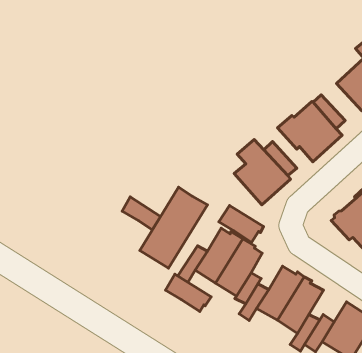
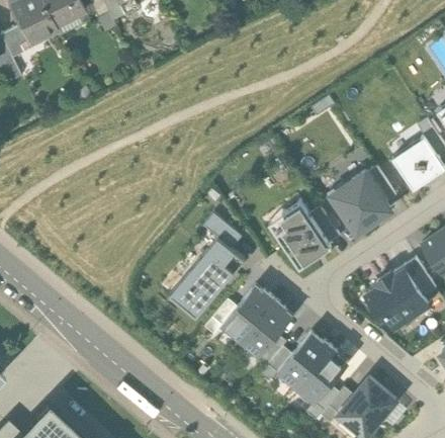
building: [122,197,160,230] -> [203,212,241,249]
building: [219,205,264,242] -> none
building: [165,274,211,312] -> none

